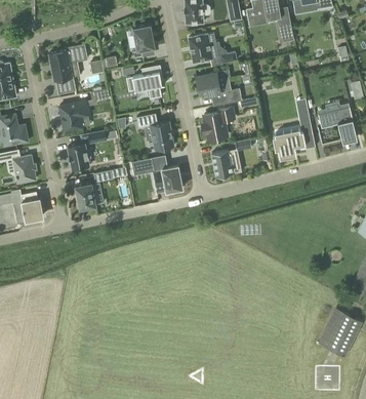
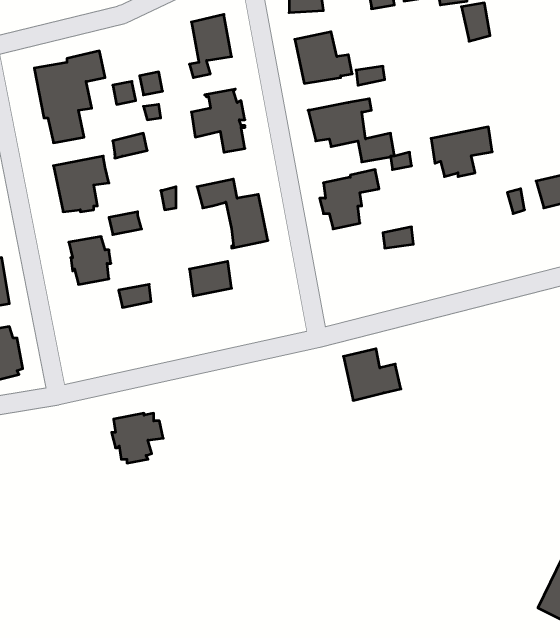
building: [273,131,306,158] -> [431,127,492,177]
building: [211,150,242,177] -> [343,349,401,400]
building: [155,165,182,193] -> none
building: [75,184,103,210] -> [112,413,163,463]

